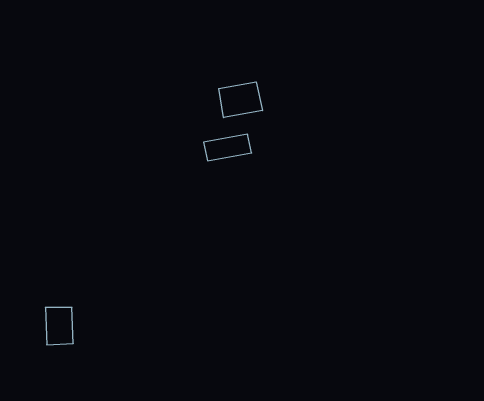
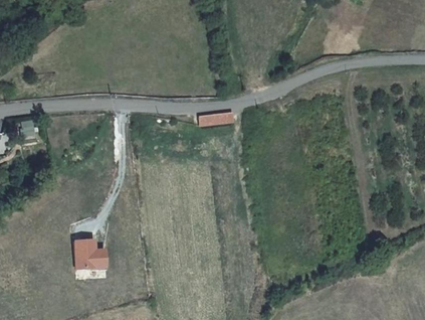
building: [219,82,262,118] -> none

